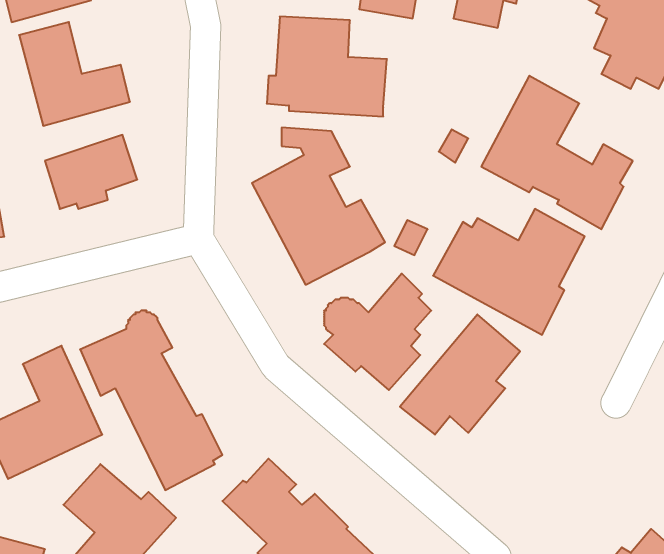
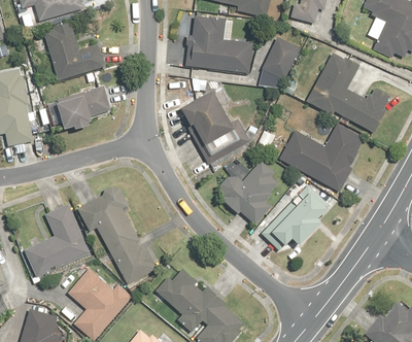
building: none -> [259,38,297,81]

